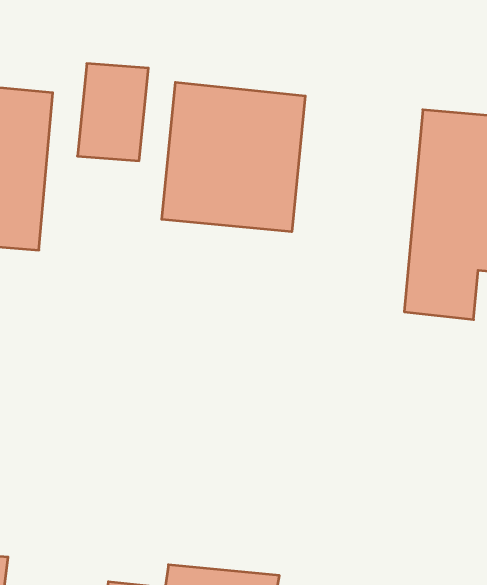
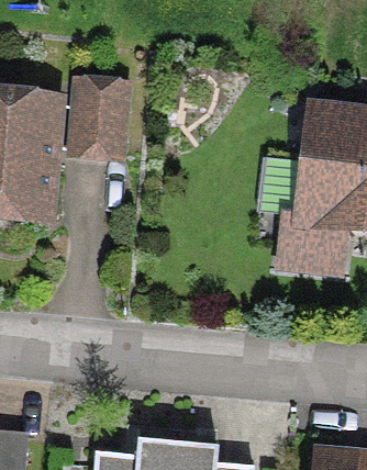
building: [162,82,305,232] -> none

